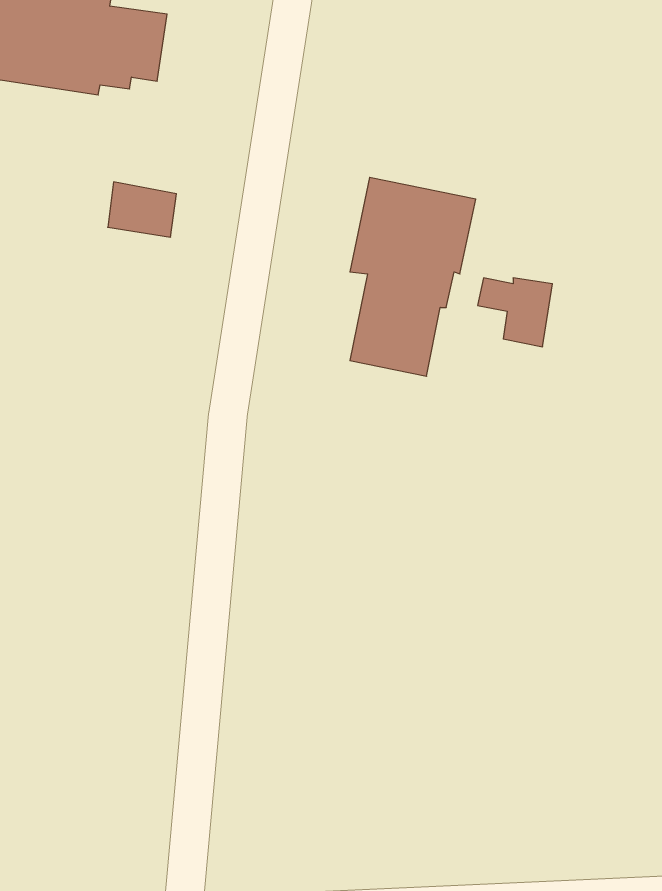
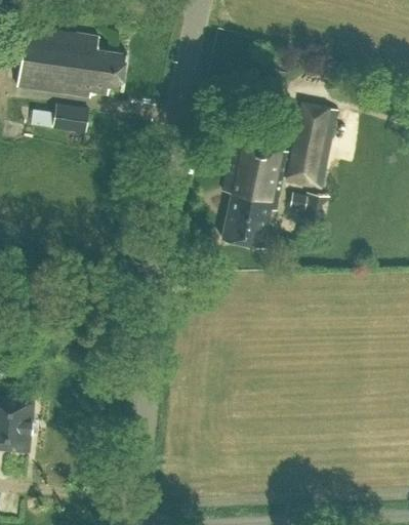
building: none -> [285,102,336,189]
building: [108,182,176,237] -> [53,104,89,132]

